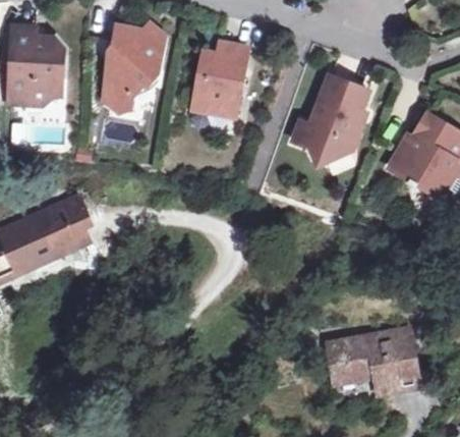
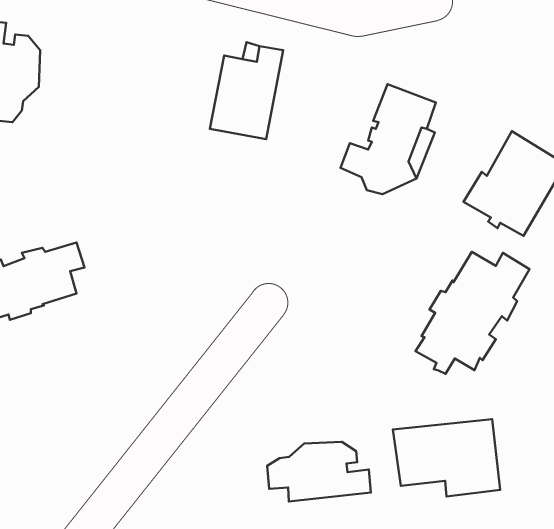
building: [104,23,164,113] -> none
building: none -> [415,252,530,374]
building: none -> [267,442,371,501]

